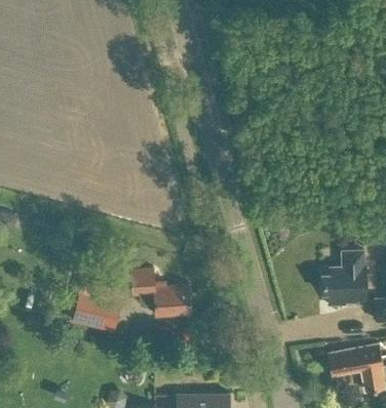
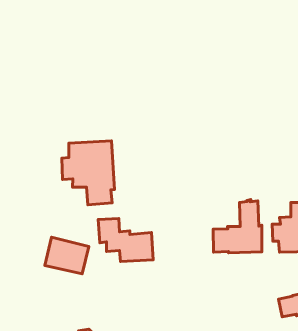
building: none -> [62,141,114,205]
building: none -> [213,199,262,253]

